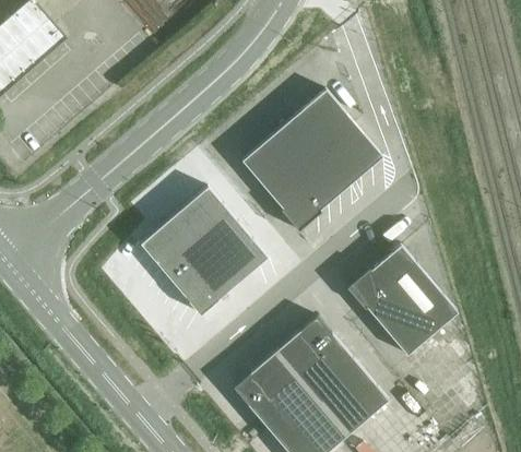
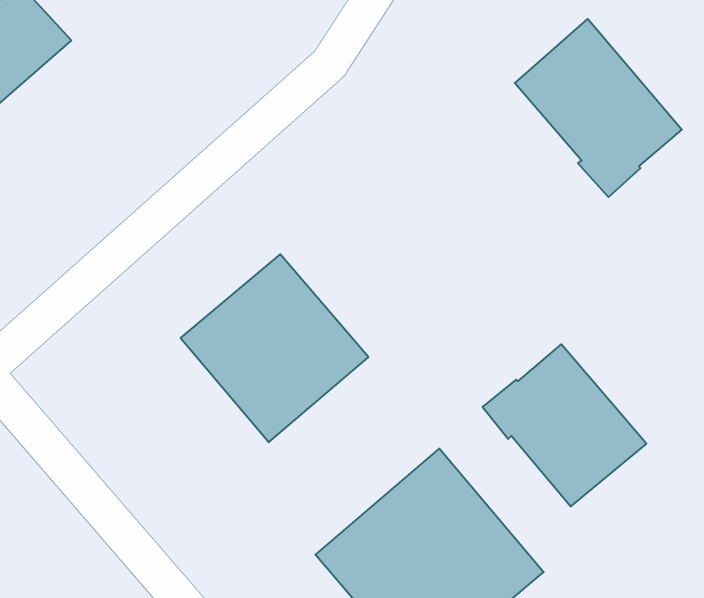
building: none -> [515,19,682,197]
building: [241,91,383,233] -> none

